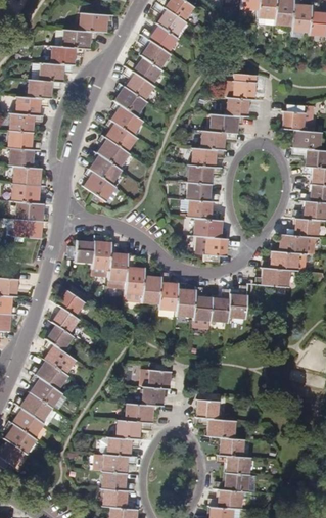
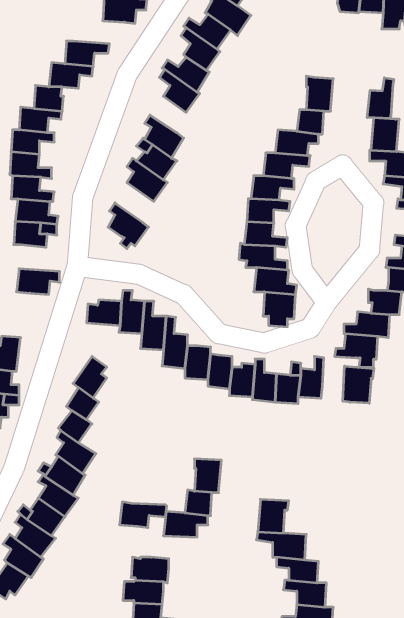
building: [57,29,96,48] -> none
building: none -> [367,78,394,118]
building: [114,84,145,115] -> none
building: [90,151,121,184] -> none
building: [16,200,48,221] -> none
building: none -> [343,366,374,403]
building: [117,420,152,439] -> [120,502,167,528]

